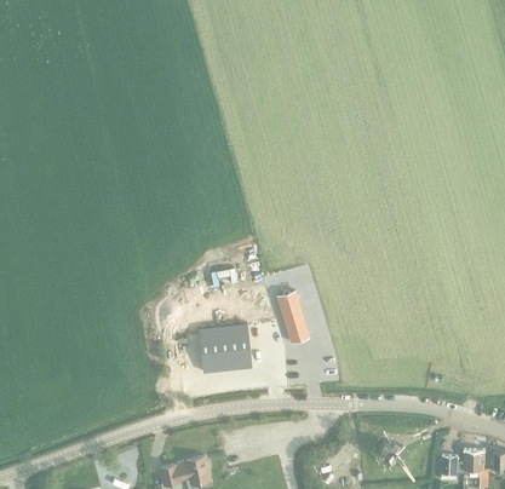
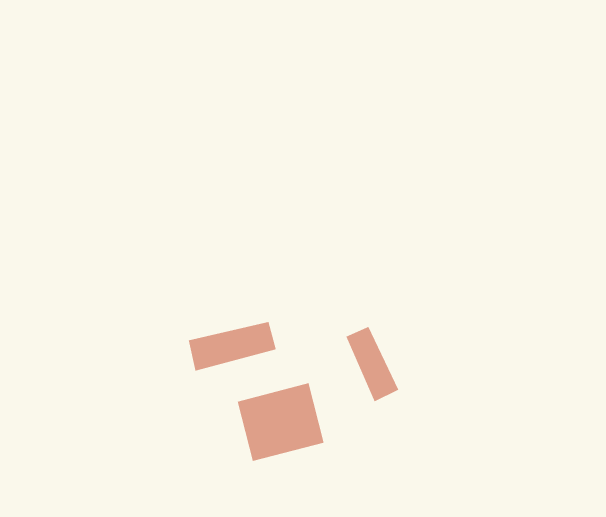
building: none -> [188,321,276,371]

